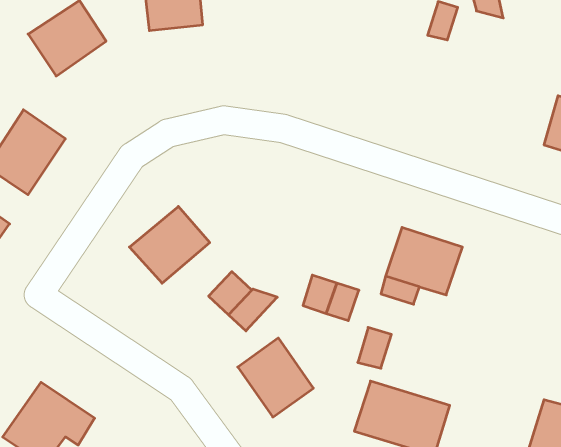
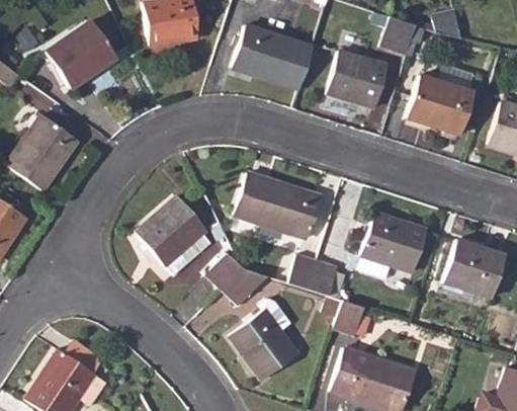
building: none -> [238,24,319,88]
building: none -> [331,49,392,106]
building: none -> [411,74,478,135]
building: none -> [229,176,318,241]
building: none -> [441,241,503,299]

